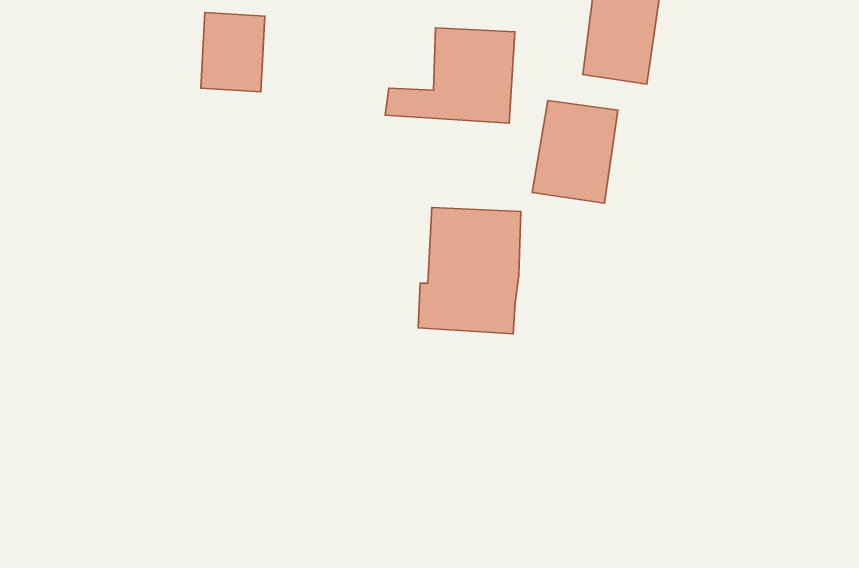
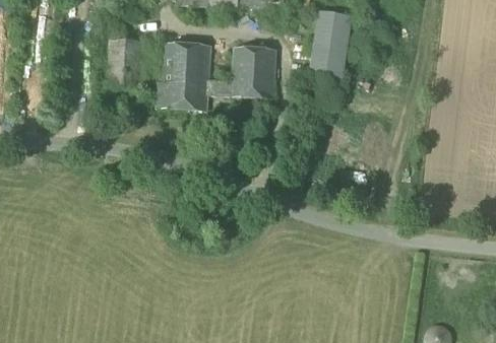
building: [532,100,618,203] -> none
building: [418,208,521,334] -> [156,43,209,109]

